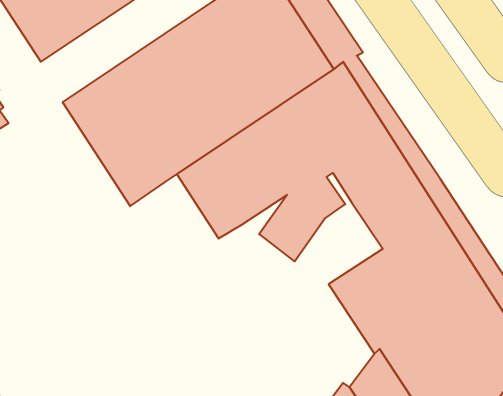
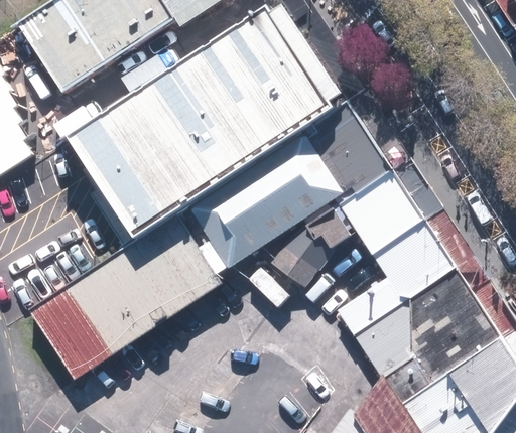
building: none -> [28,212,222,380]

